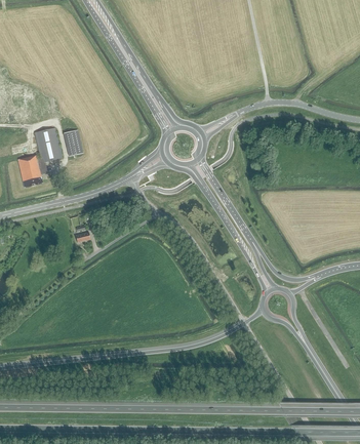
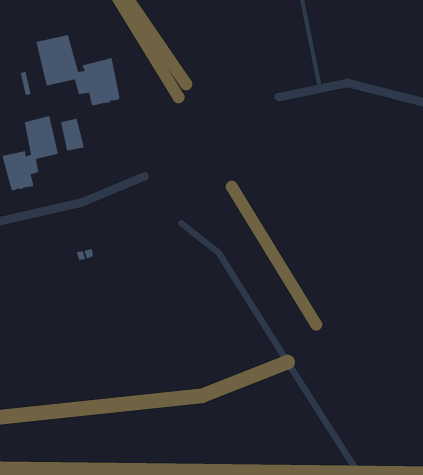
building: none -> [35,34,121,106]

